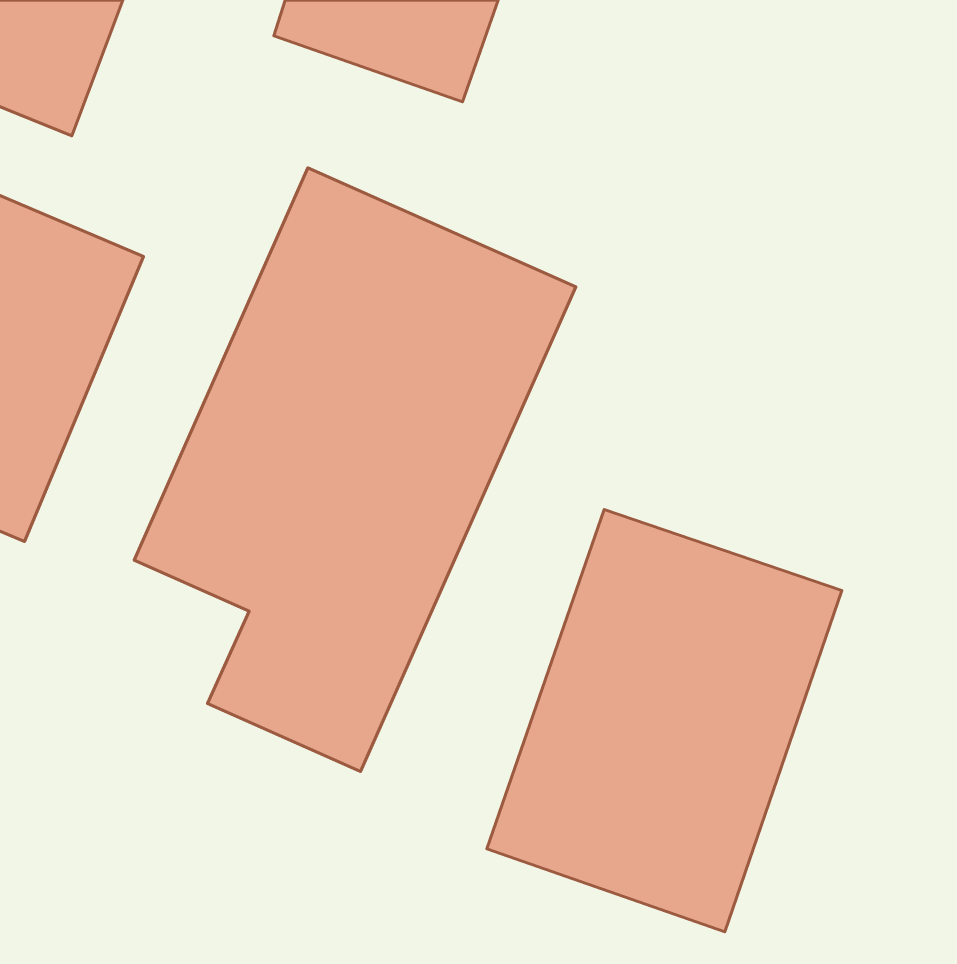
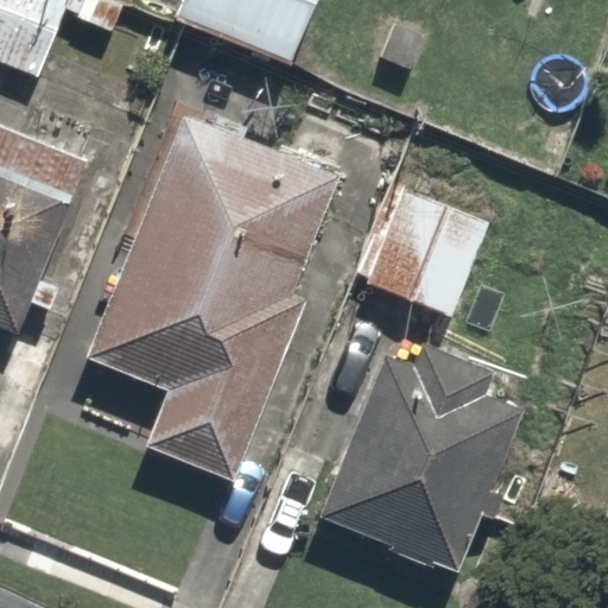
building: none -> [347,179,484,316]

